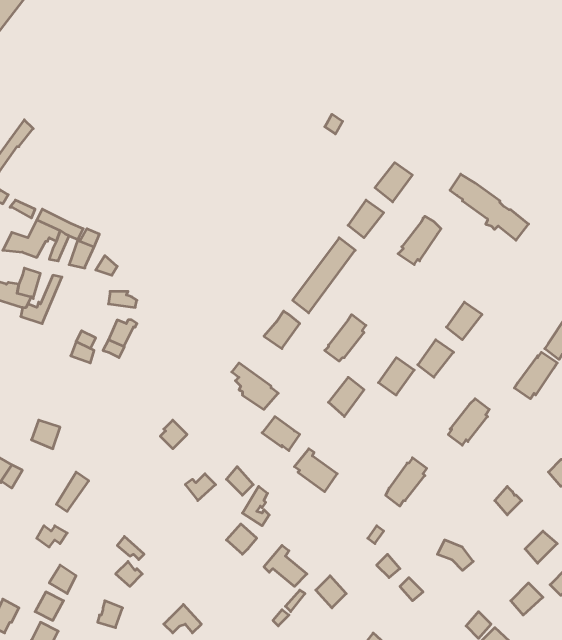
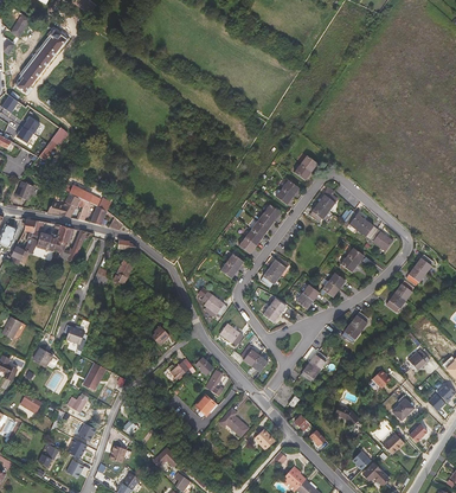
building: [450,174,529,240] -> [340,206,392,250]

